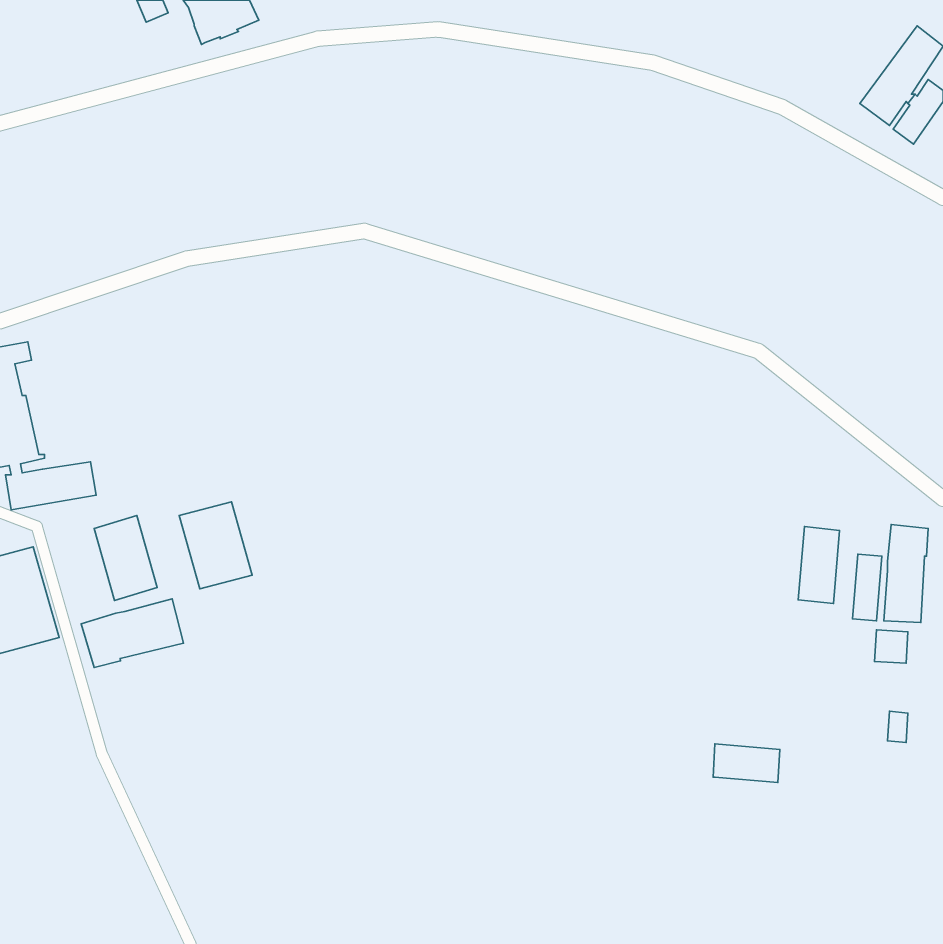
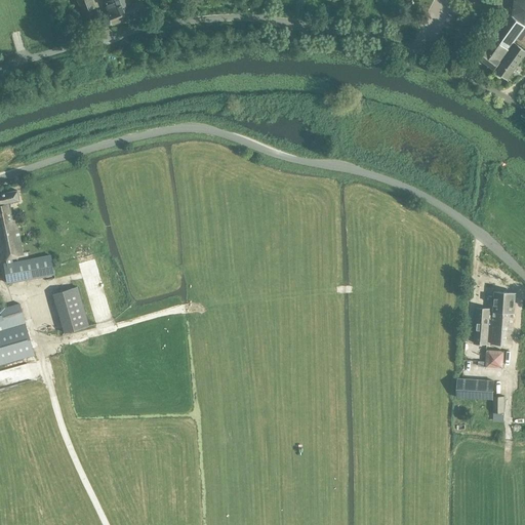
building: [179,502,252,589] -> none
building: [798,527,840,604] -> none
building: [81,599,183,668] -> none
building: [713,744,780,783] -> [455,378,492,400]

